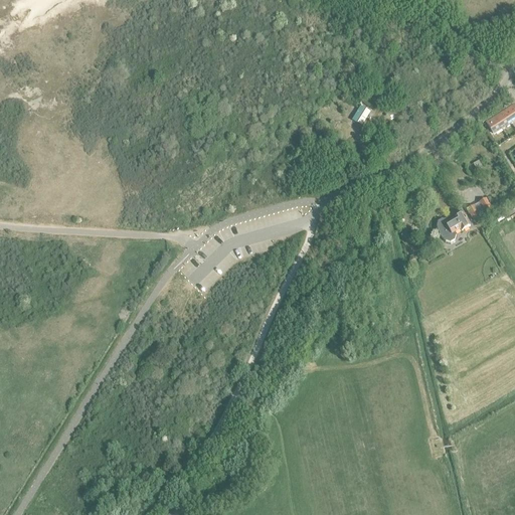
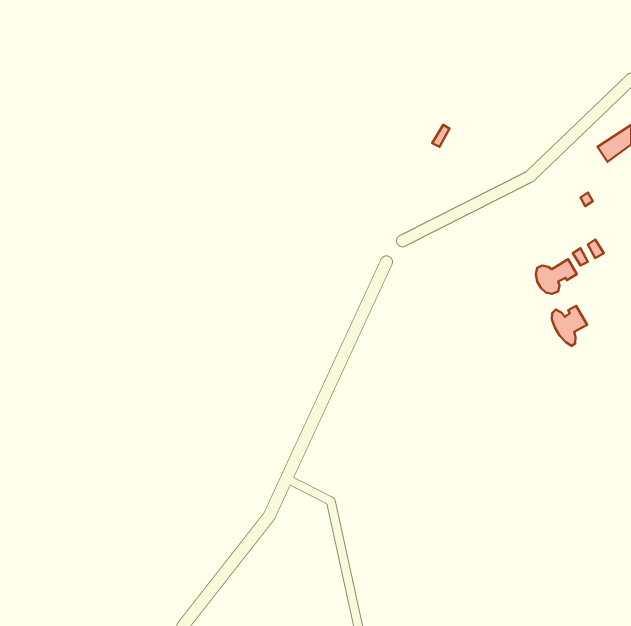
building: none -> [552,306,587,346]

